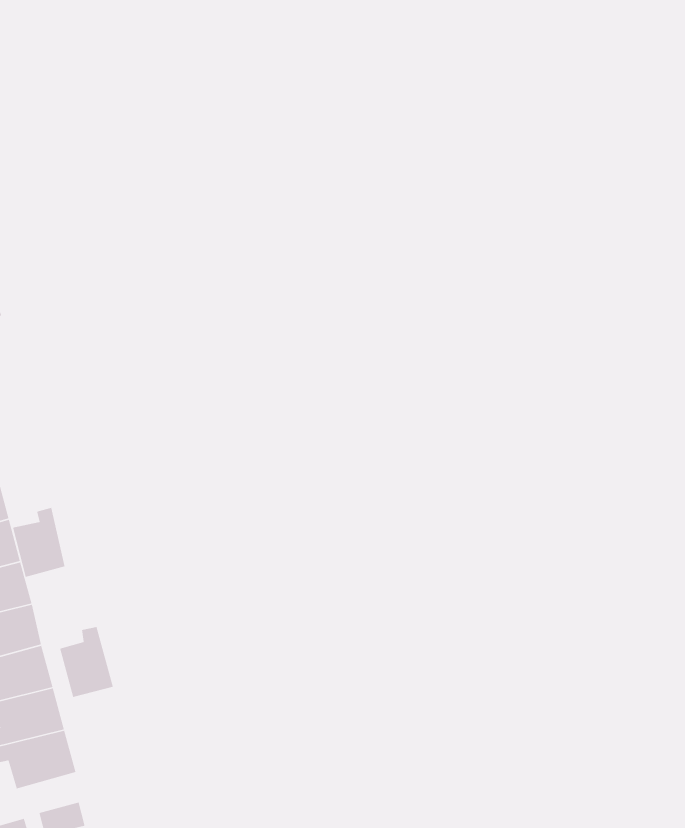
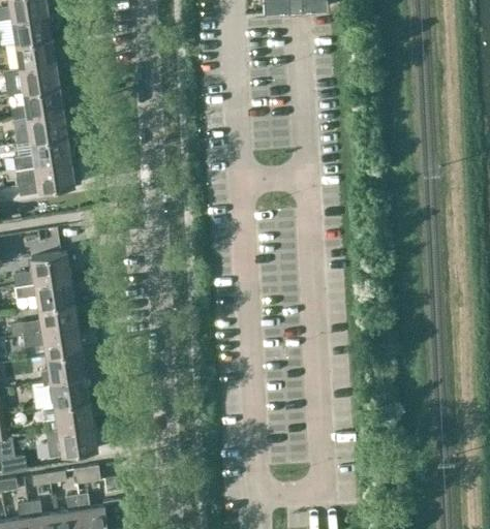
building: [12,507,65,578] -> none
building: [59,626,114,698] -> none

